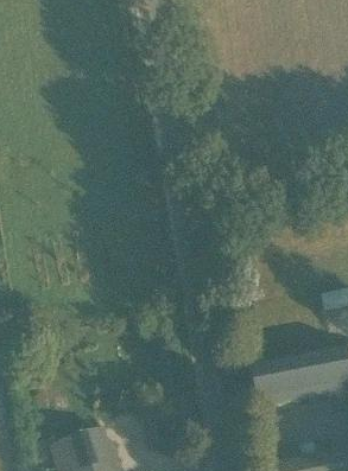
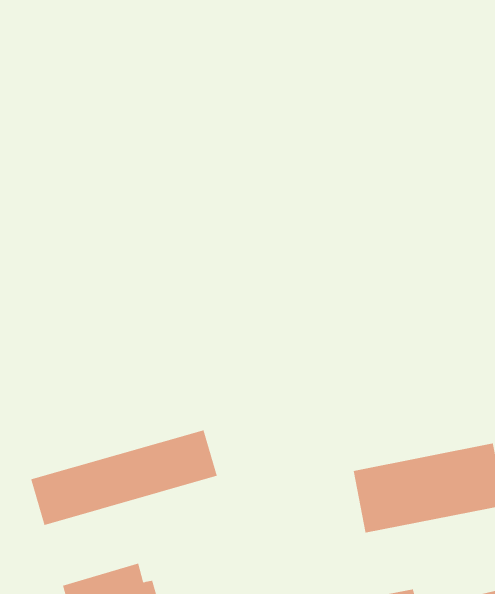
building: none -> [31,430,217,526]

